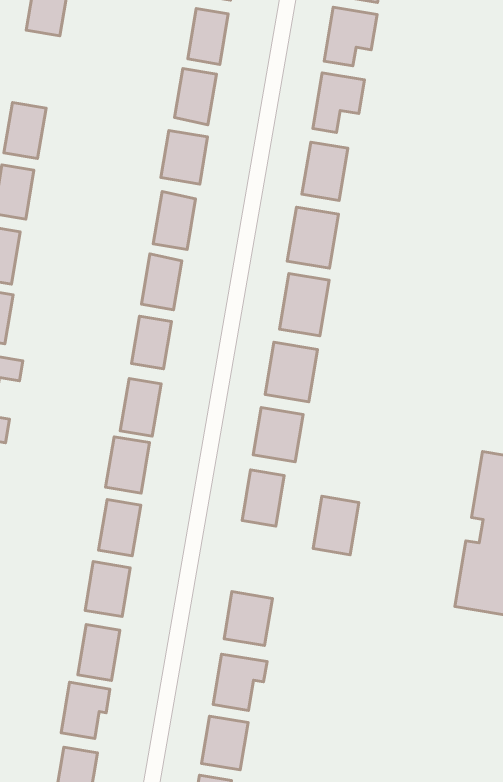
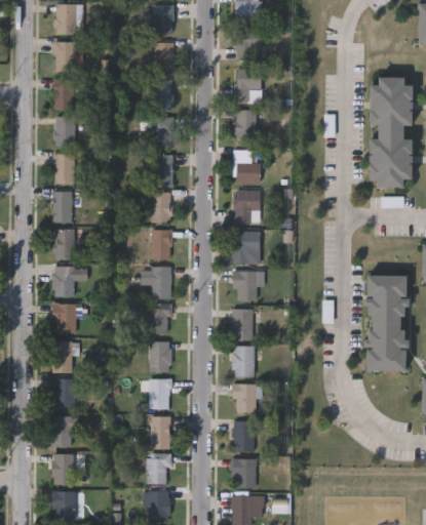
building: none -> [54,79,74,110]
building: [313,496,359,555] -> [232,346,255,377]

